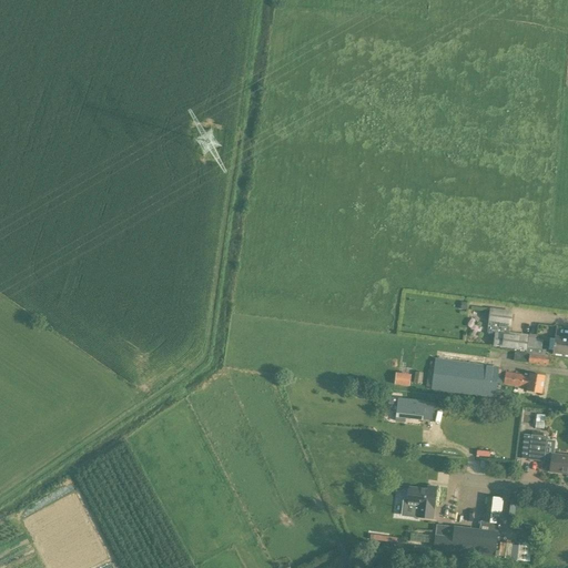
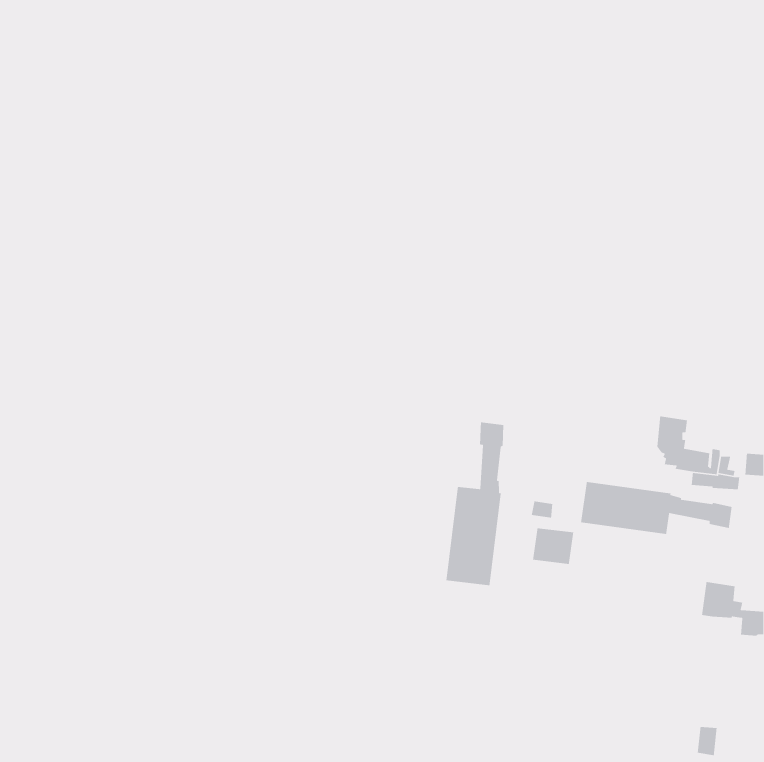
building: none -> [446,421,504,586]
building: [407,486,436,518] -> none
building: [433,494,501,555] -> none

